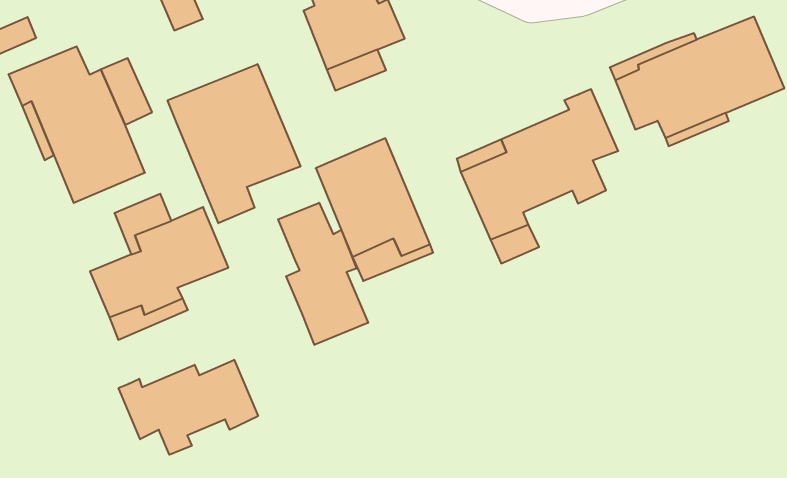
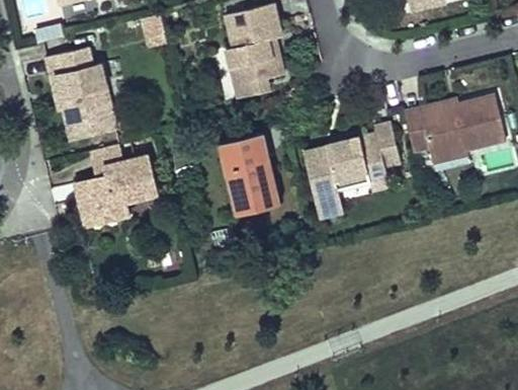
building: [168,64,300,223] -> none
building: [278,203,368,345] -> none
building: [119,360,258,455] -> none

